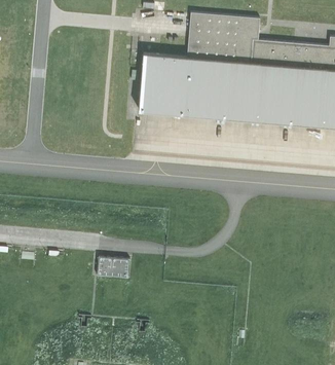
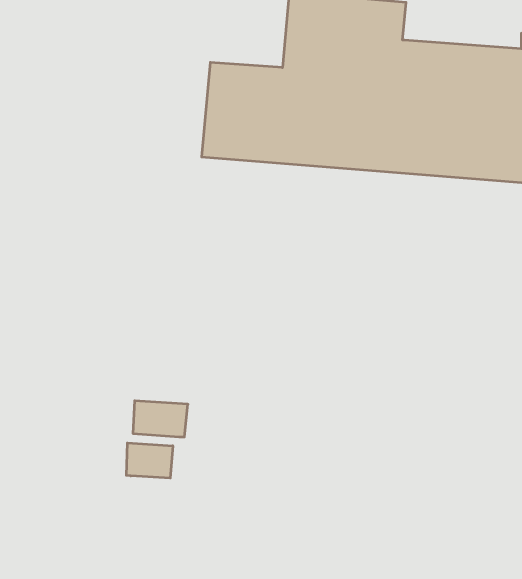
building: none -> [126,443,173,478]

